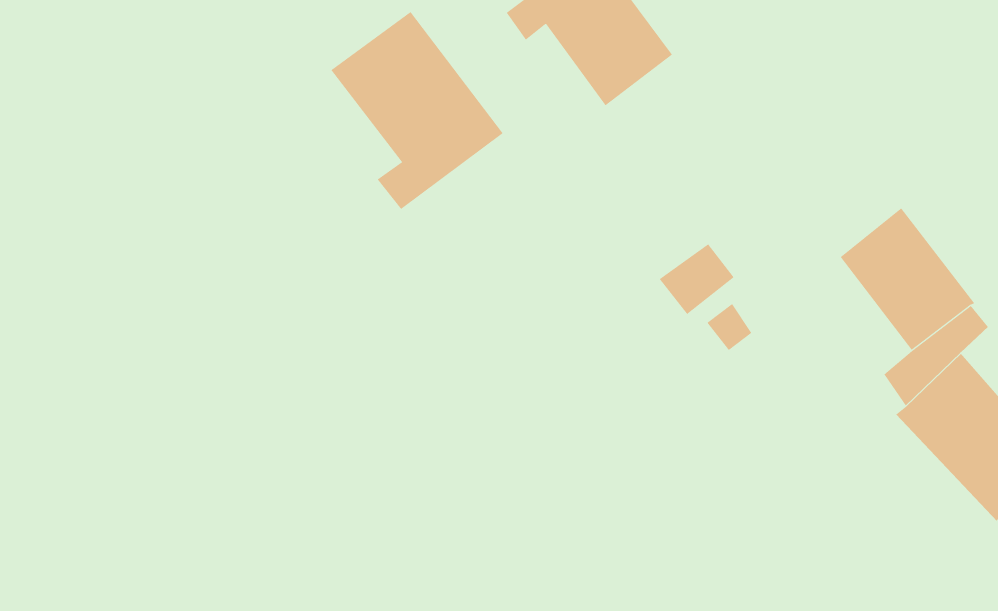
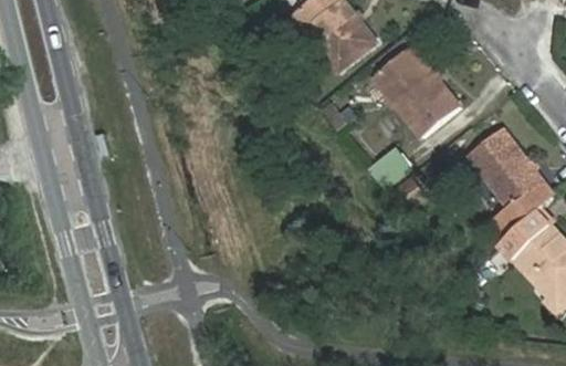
building: [331,11,503,210] -> none
building: none -> [373,45,461,136]

